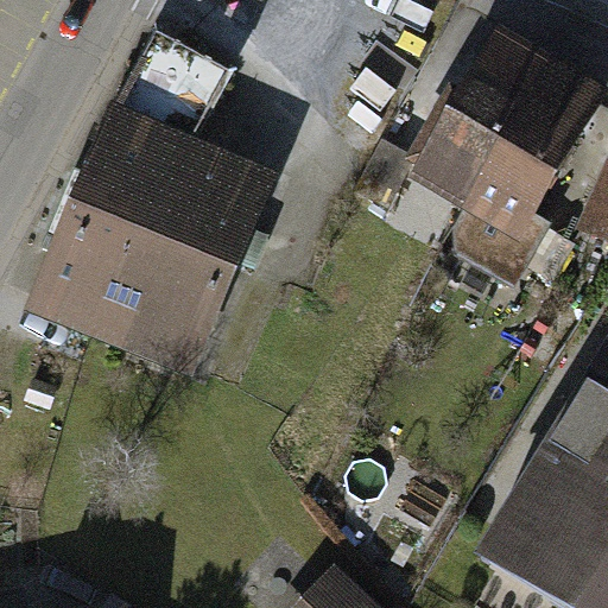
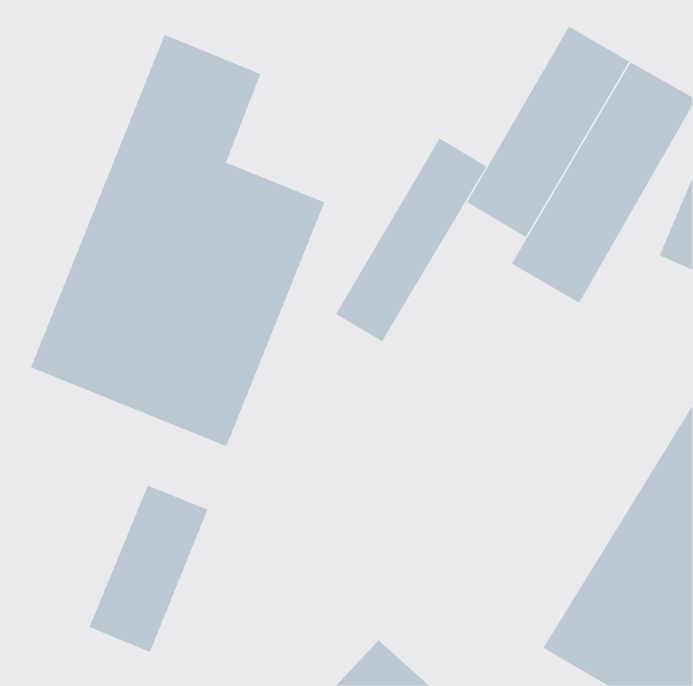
building: none -> [335,137,487,342]
building: none -> [89,485,208,653]

